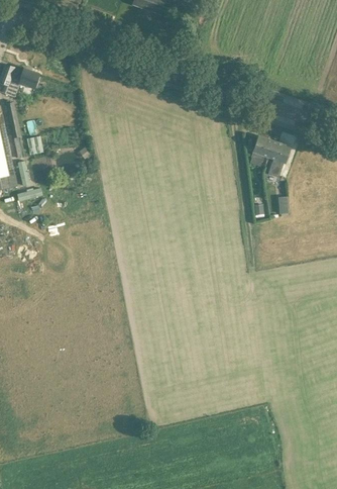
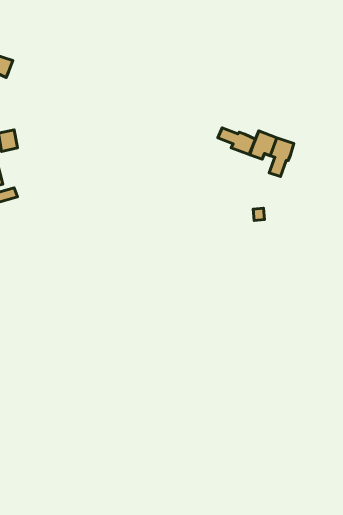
building: none -> [218,128,256,154]

